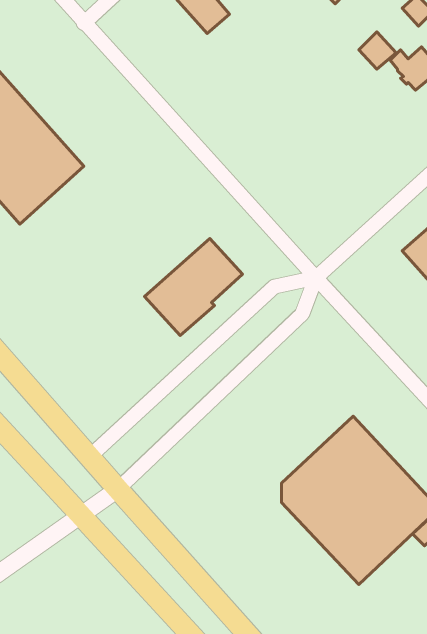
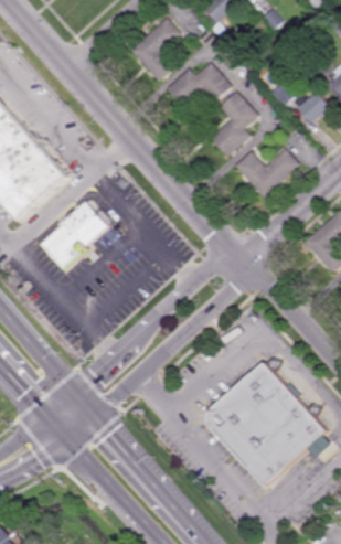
building: none -> [167,61,233,106]
building: none -> [210,90,257,156]
building: none -> [234,147,298,196]
building: [144,239,243,335] -> [35,202,108,274]

